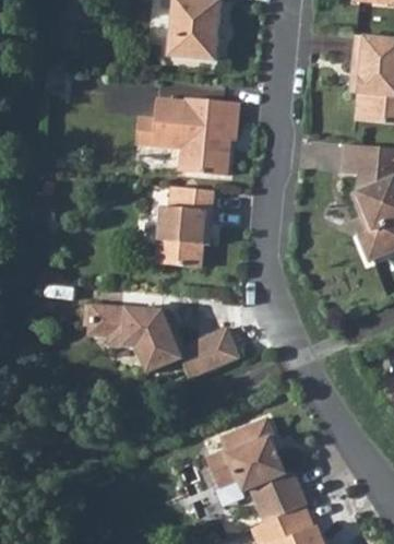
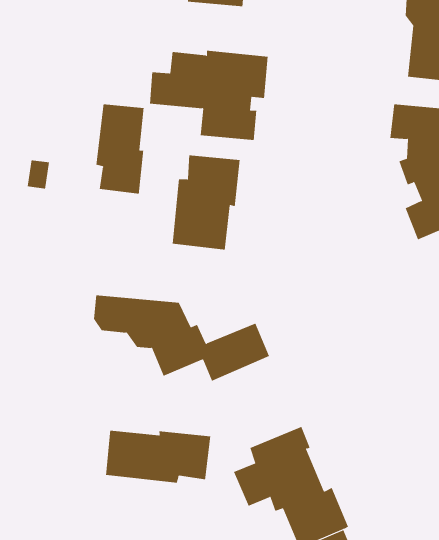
building: none -> [96,104,144,194]
building: none -> [106,430,211,484]

